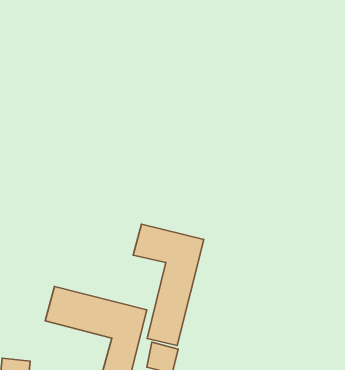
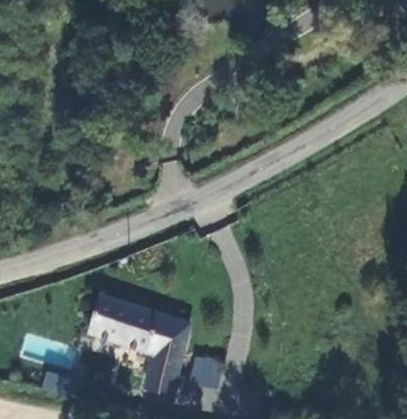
building: [133,224,204,346] -> none

